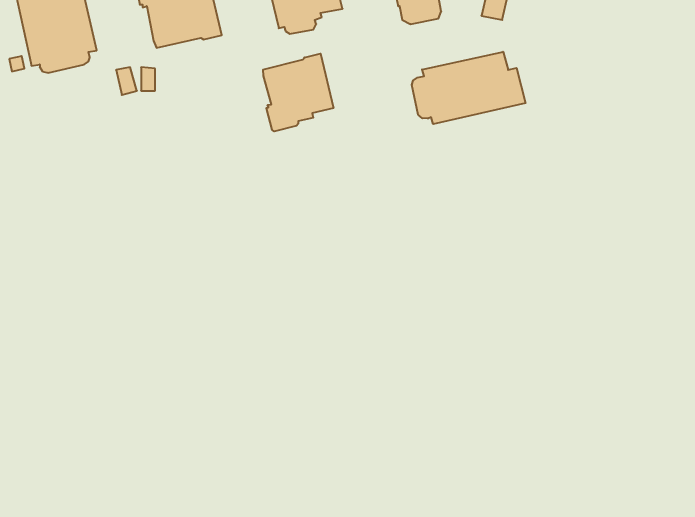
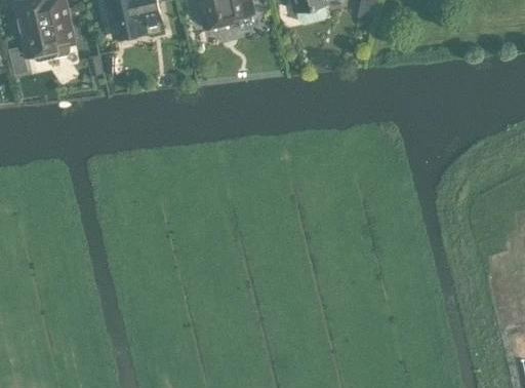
building: [412,52,526,124] -> none
building: [263,54,333,131] -> none

